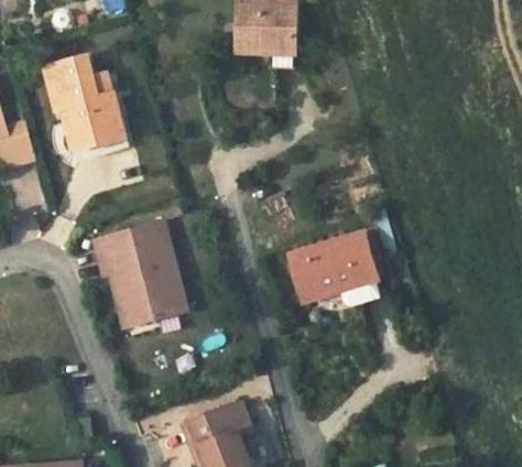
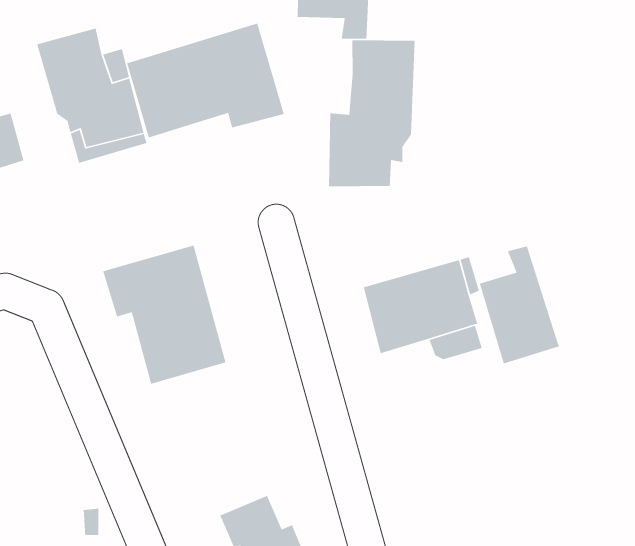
building: none -> [126,23,285,139]
building: none -> [328,39,415,187]
building: none -> [479,245,560,365]

